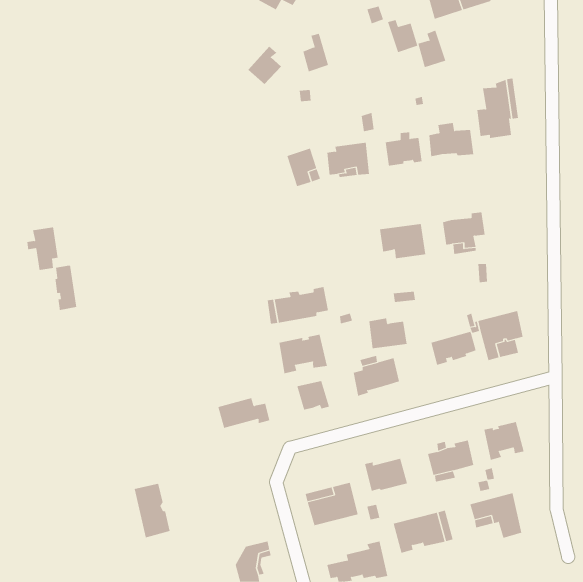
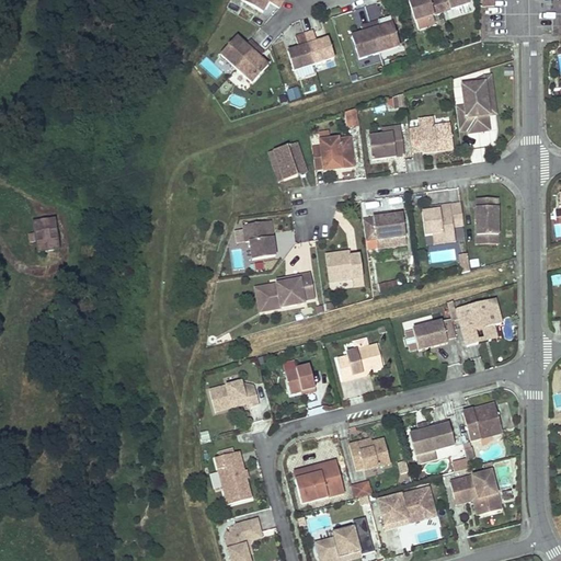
building: none -> [306,28,335,62]
building: [417,30,446,68] -> [353,21,380,57]
building: none -> [221,35,257,67]
building: none -> [477,199,499,237]
building: none -> [249,221,276,259]
building: [55,265,77,311] -> none
building: [368,318,407,349] -> [330,251,367,280]
building: [279,334,327,374] -> none
building: [134,483,170,538] -> [215,450,250,503]

